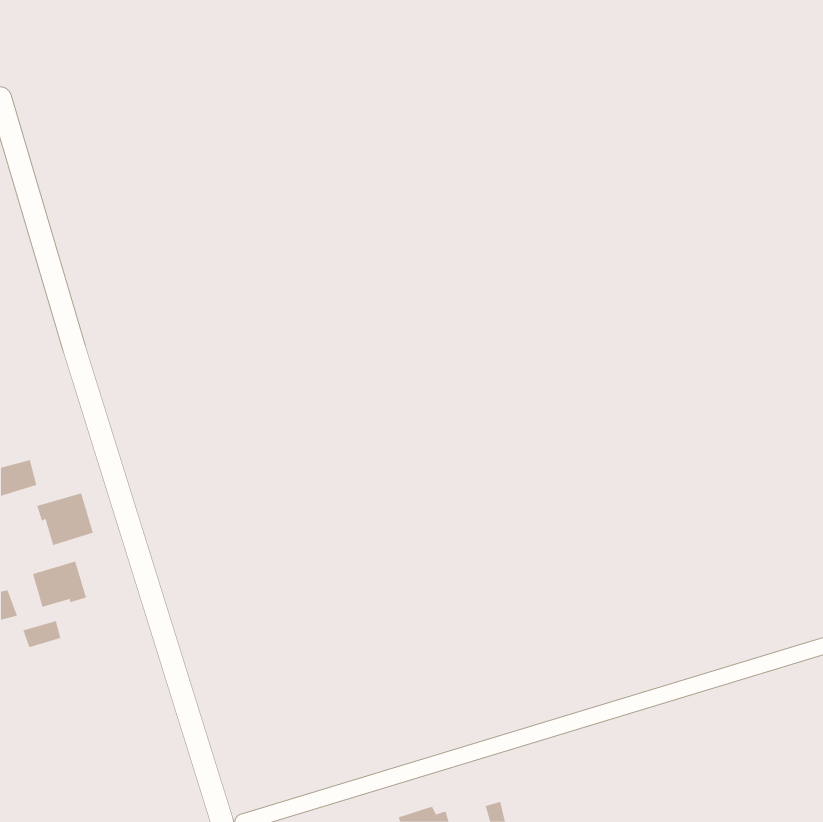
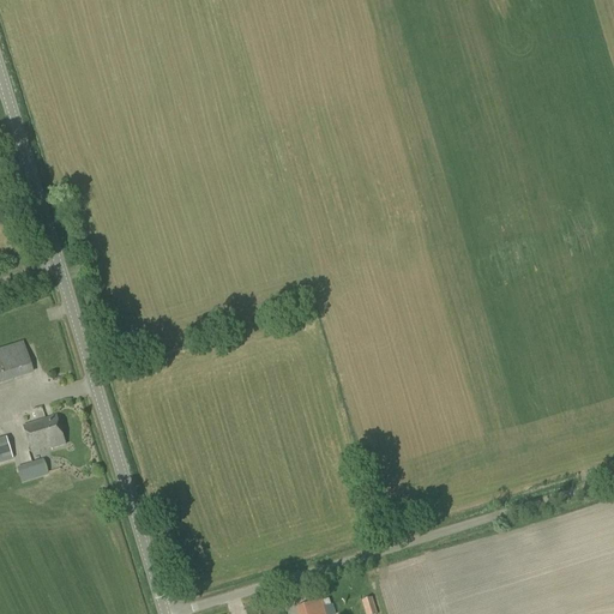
building: [36,492,93,546] -> none

